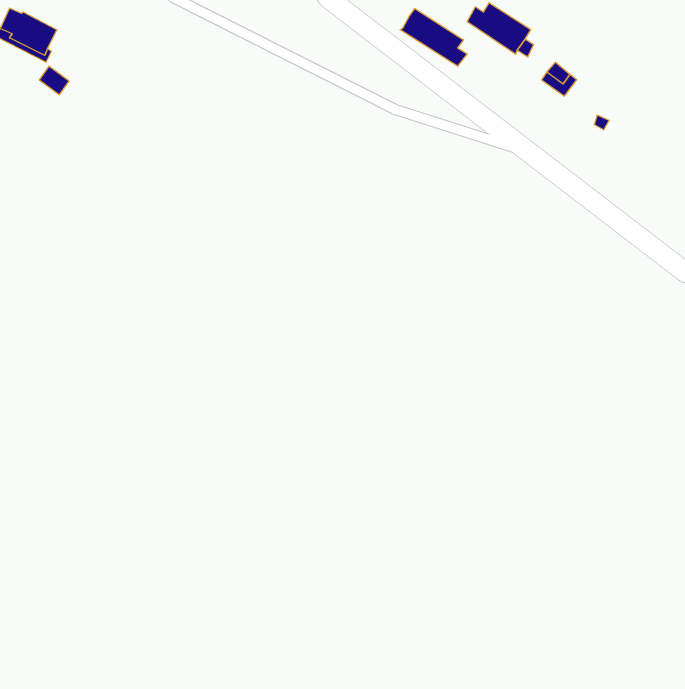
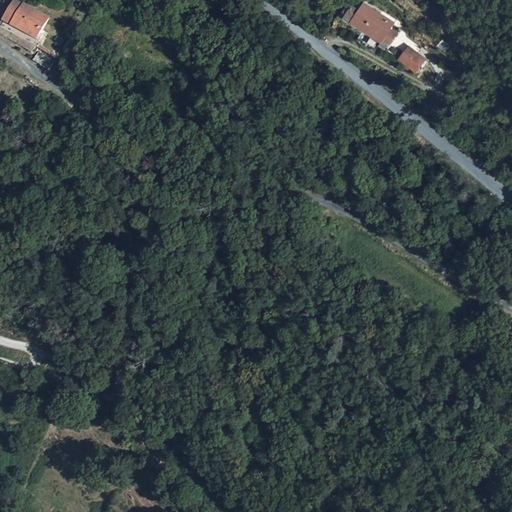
building: [400,8,467,66] -> none

